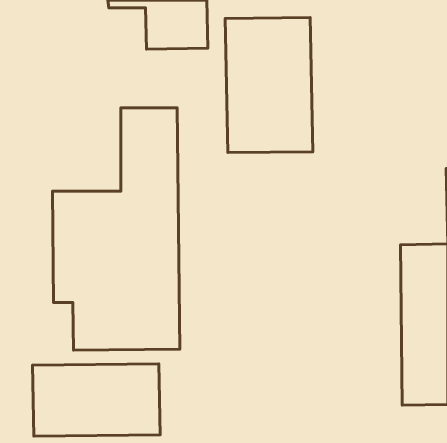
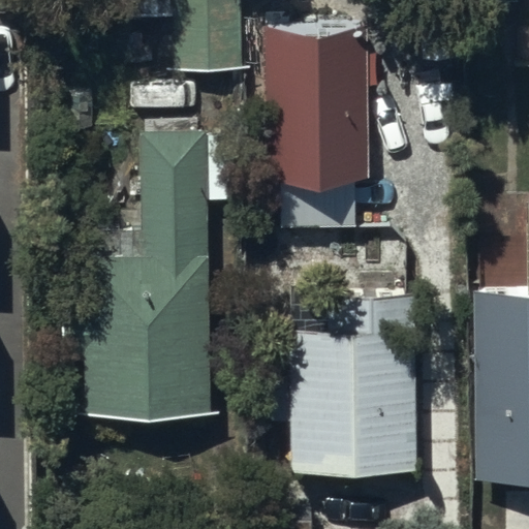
building: none -> [268,303,415,476]
building: [32,364,160,436] -> none

